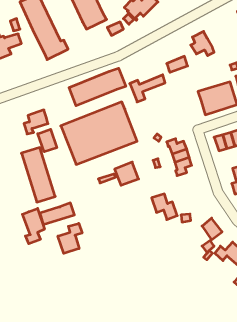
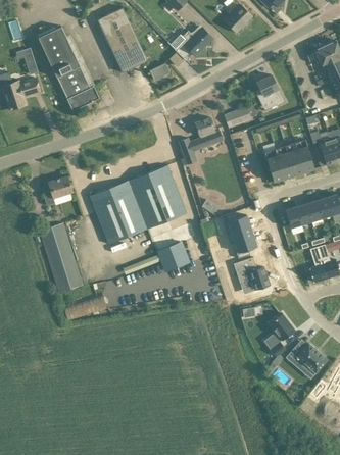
building: [69,68,126,106] -> none
building: [38,129,57,152] -> none
building: [152,194,177,220] -> [237,257,270,290]
building: [22,208,44,244] -> none
building: [58,223,82,253] -> none

